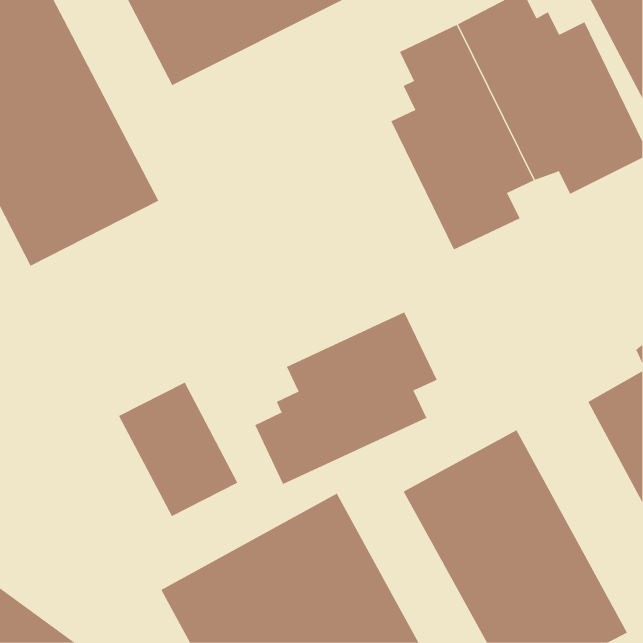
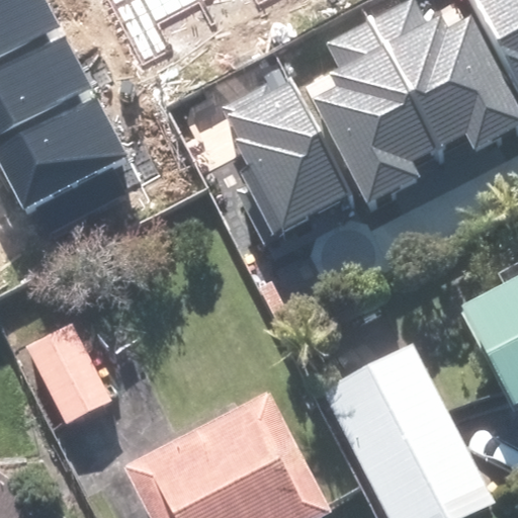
building: none -> [211,74,335,220]
building: [254,312,437,485] -> none
building: [118,382,238,517] -> [23,325,119,433]

